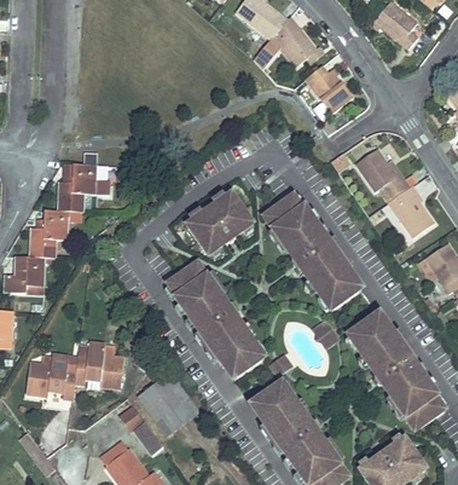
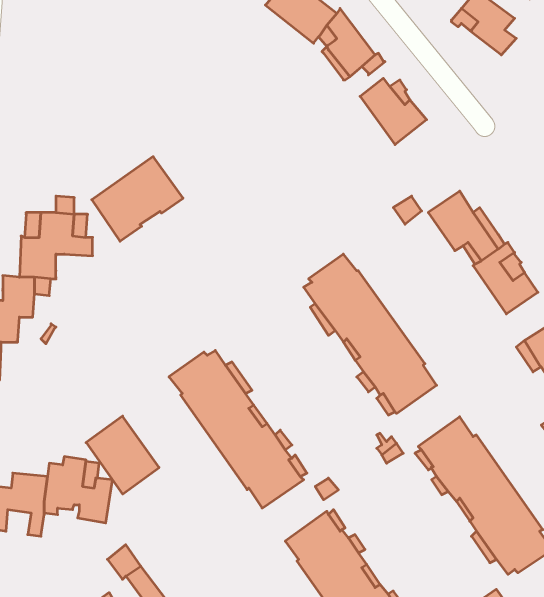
building: [186,192,253,254] -> [92,157,183,241]
building: [140,376,193,433] -> [86,416,159,494]

